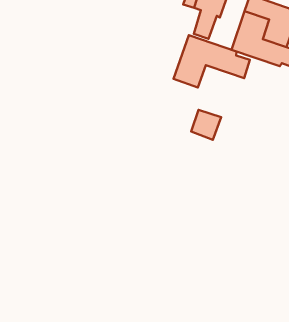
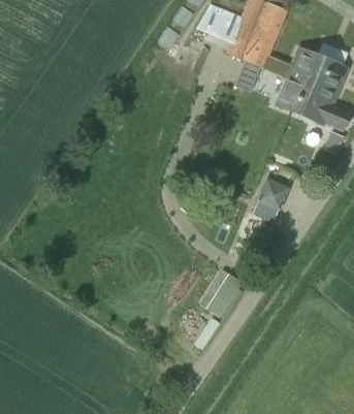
building: [174,35,250,87] -> none
building: [191,110,221,140] -> [257,178,290,211]

